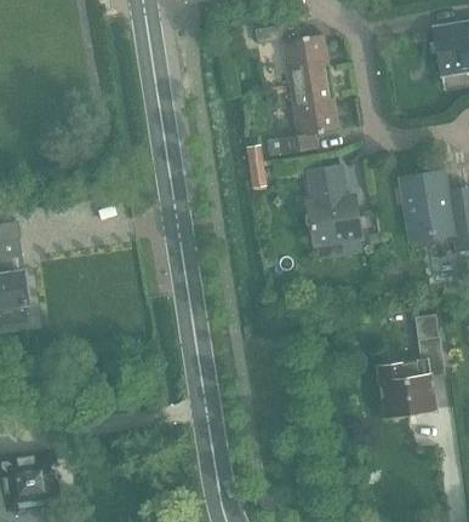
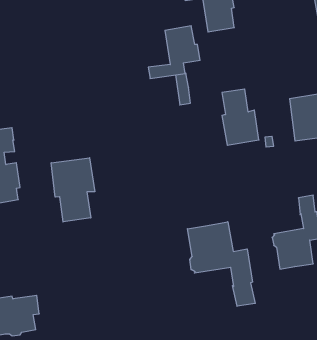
building: [267,82,338,155] -> [148,26,200,79]
building: none -> [51,158,95,222]
building: none -> [187,222,255,306]

